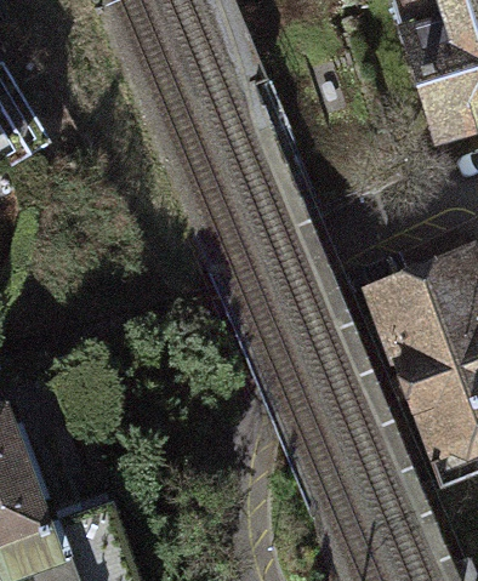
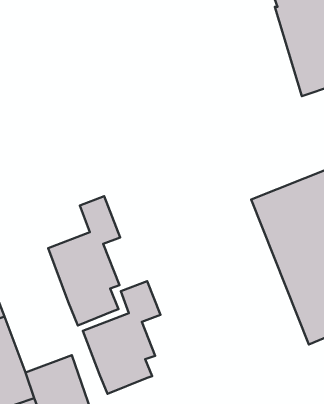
building: none -> [48,196,120,325]
building: none -> [83,281,161,394]

